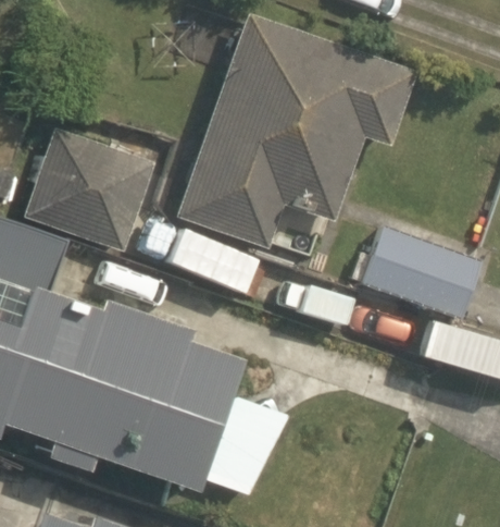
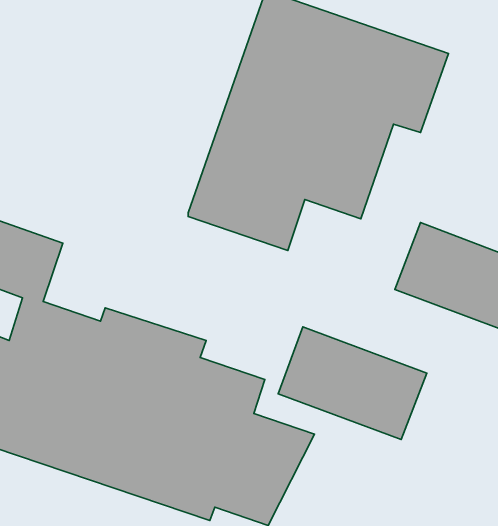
building: [25,125,153,252] -> none
building: none -> [278,327,427,439]

